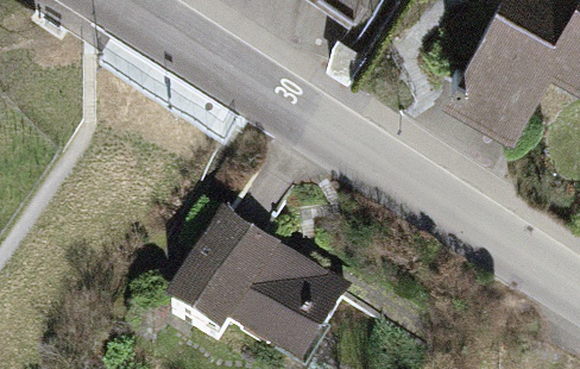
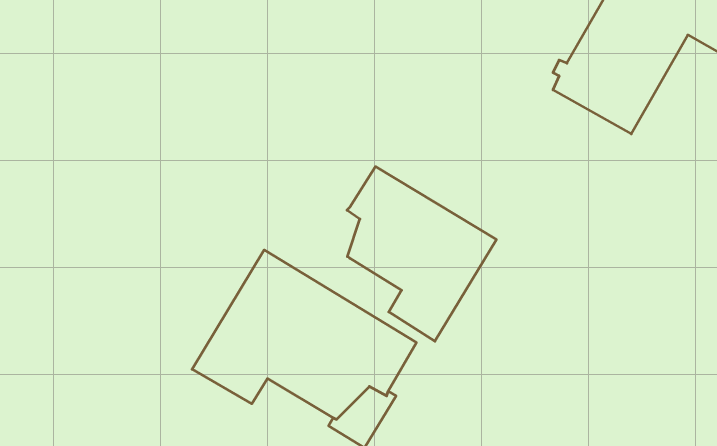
building: none -> [347,167,496,341]

